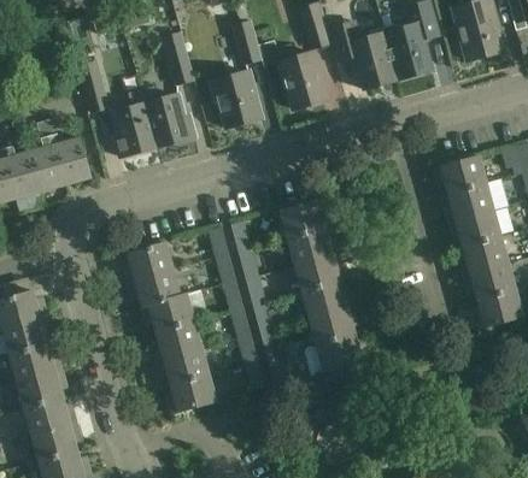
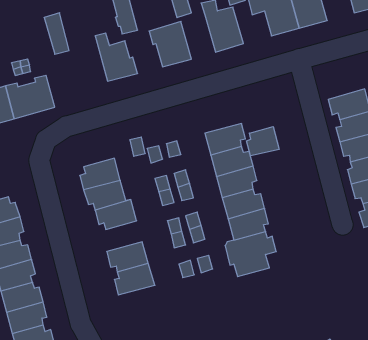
building: [113,89,158,157] -> none
building: none -> [247,127,279,156]
building: [152,320,201,359] -> none

